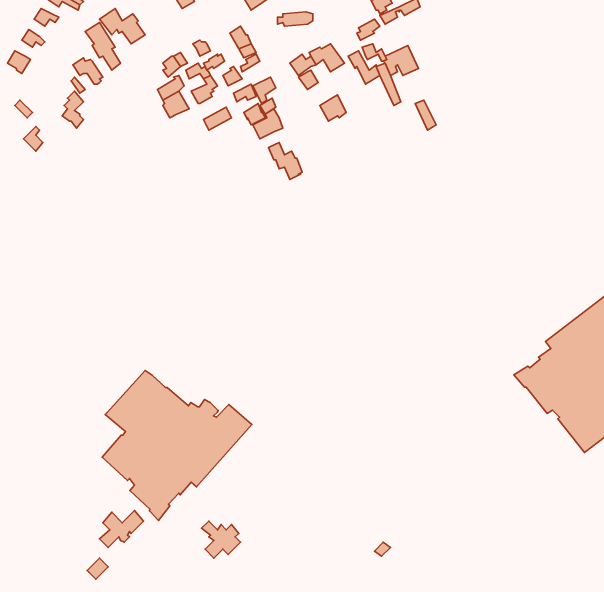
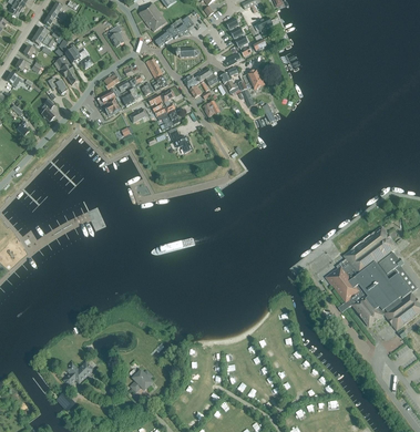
building: [102,370,252,520] -> none

